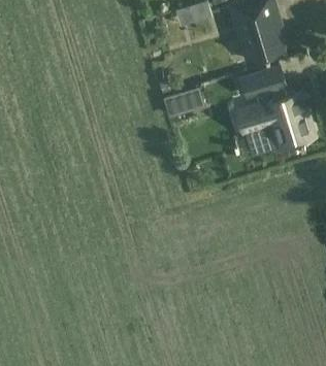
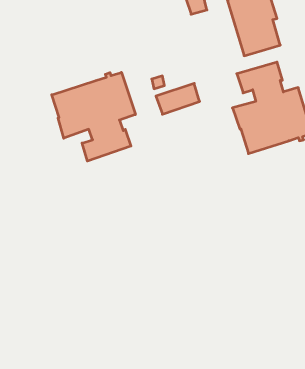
building: none -> [52,72,135,161]

